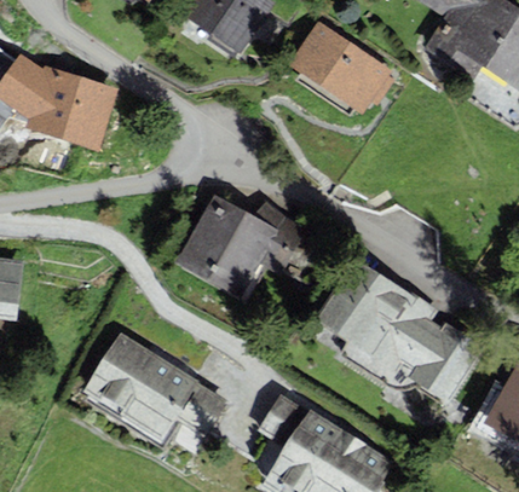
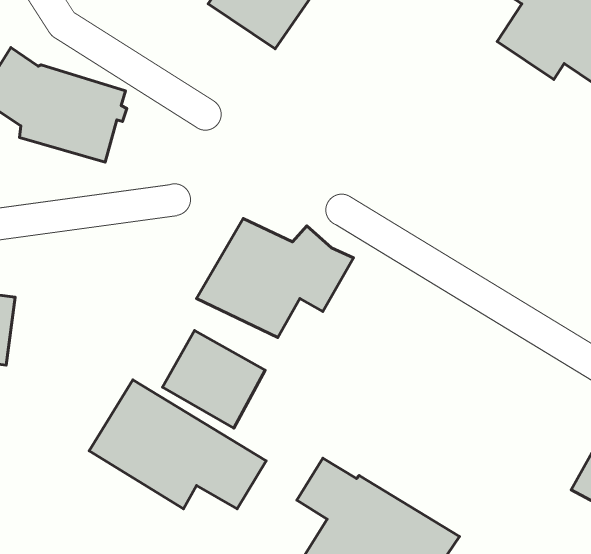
building: [287,22,390,115] -> none
building: [316,256,485,401] -> none
building: none -> [162,331,265,428]

